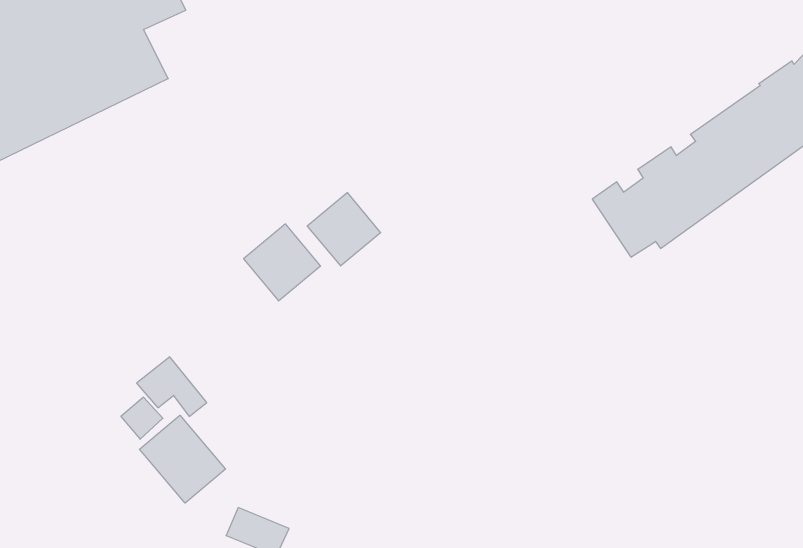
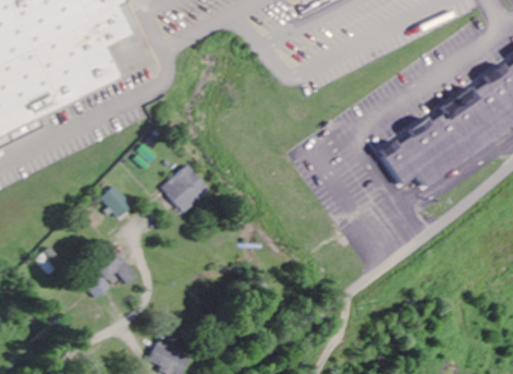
building: [307,193,381,266] -> none
building: none -> [101,186,134,219]
building: [140,415,225,503] -> none

